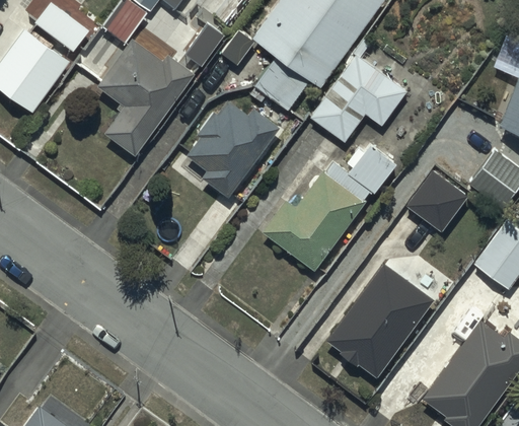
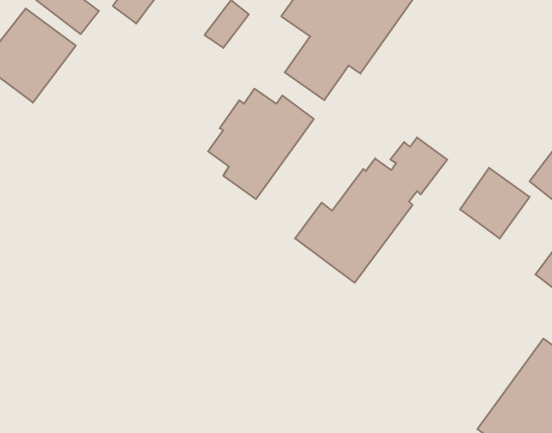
building: [97,38,194,155] -> none
building: [310,56,406,143] -> none
building: [327,265,433,377] -> none

